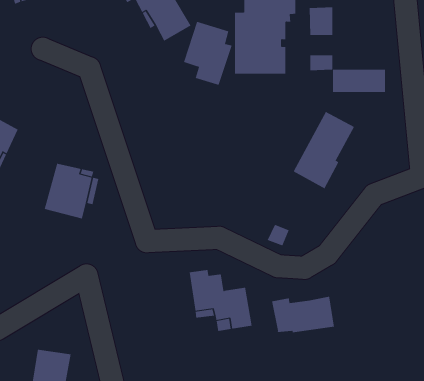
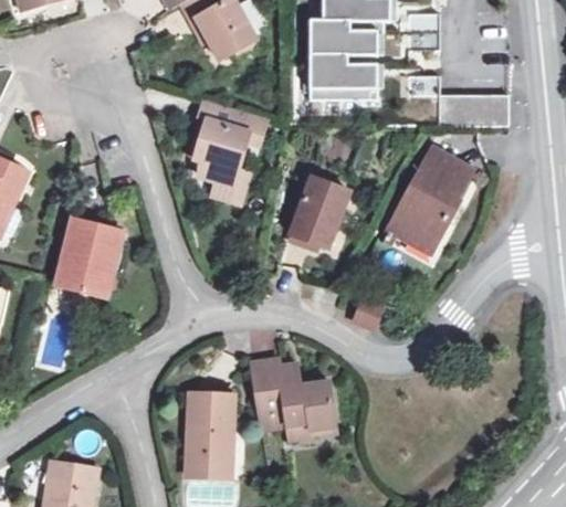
building: [183,21,233,86] -> [185,101,250,186]
building: none -> [290,178,348,249]
building: none -> [184,393,232,478]
building: [272,296,334,333] -> none

